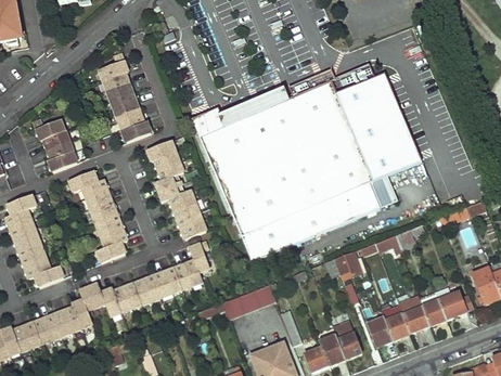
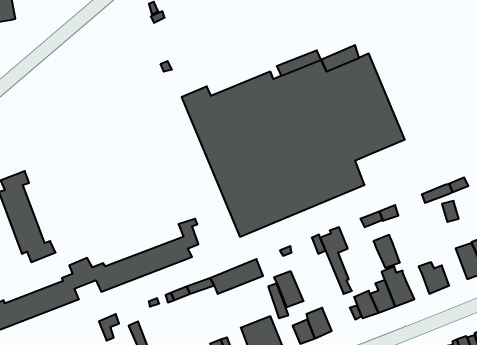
building: [99,53,152,143] -> none
building: [35,118,77,172] -> none
building: [147,141,206,239] -> none
building: [69,170,127,263] -> none
building: [370,176,398,208] -> none
building: [419,291,446,325] -> [373,235,400,268]
building: [333,321,363,358] -> [274,271,304,307]

